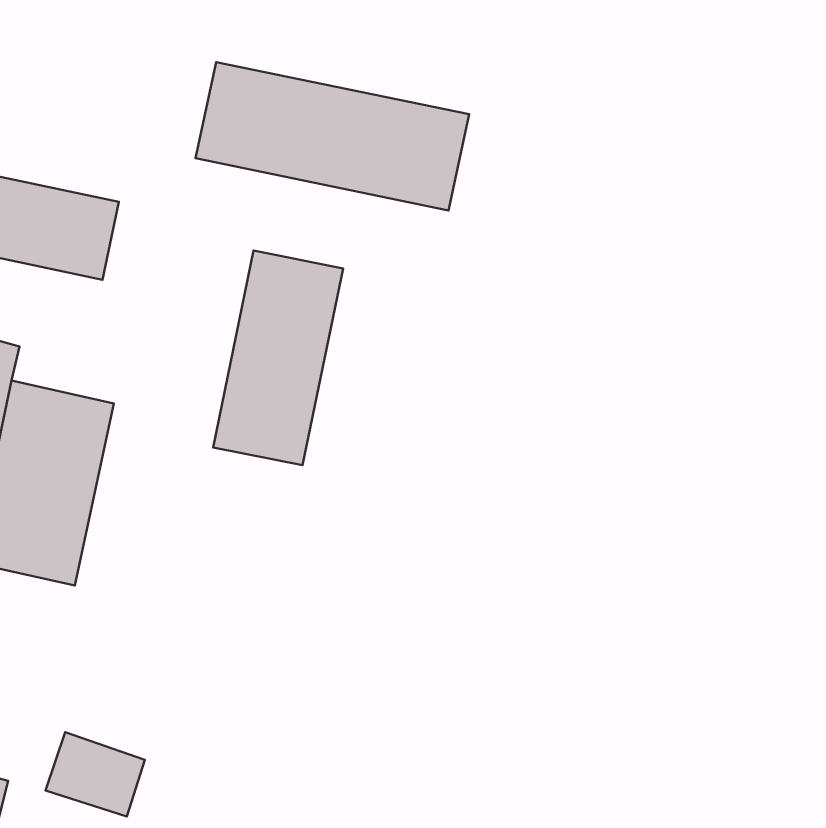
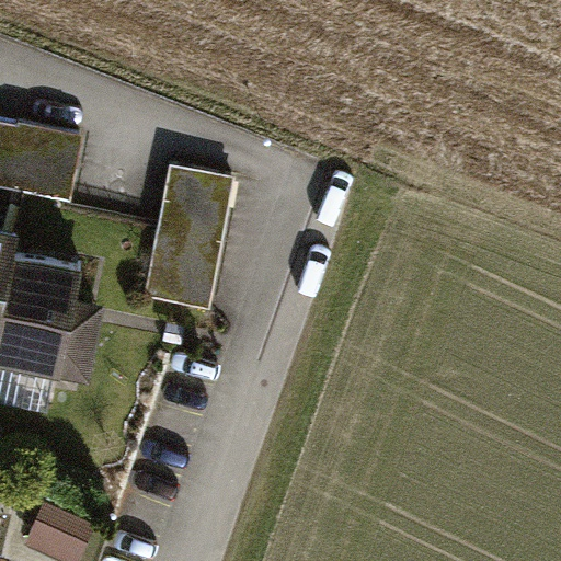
building: [196,62,469,211] -> none

